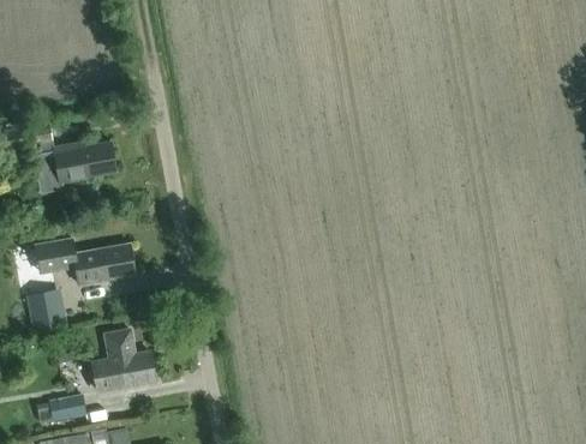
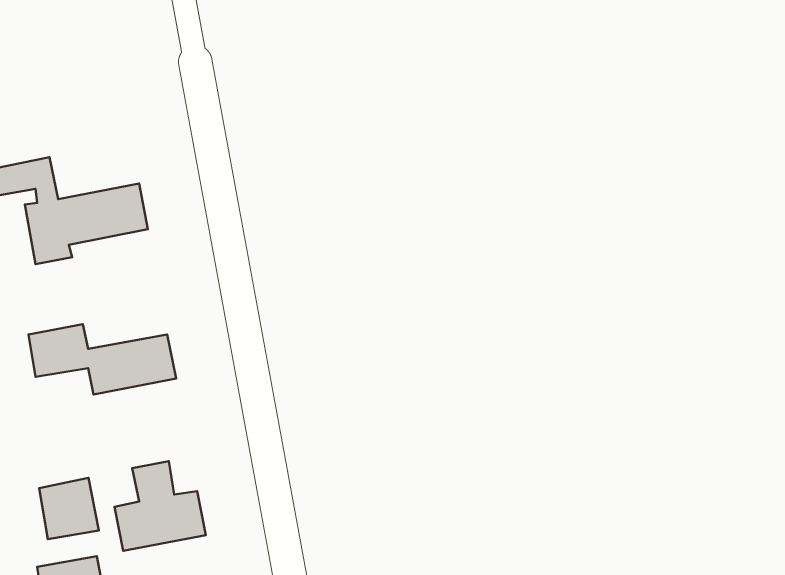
building: [25,288,66,330] -> [39,478,99,539]

